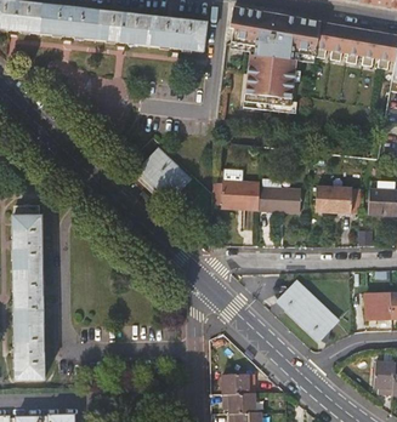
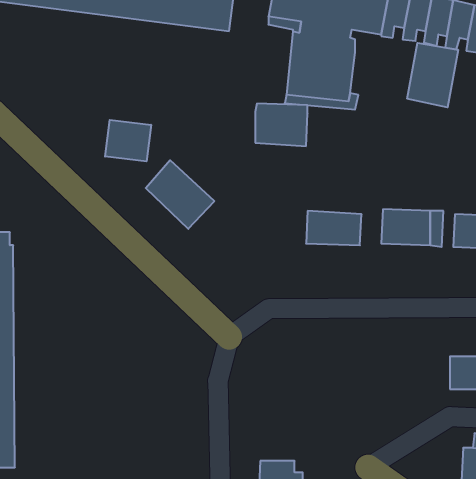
building: none -> [407,43,458,107]
building: none -> [105,120,151,161]
building: [221,179,260,211] -> [255,104,308,146]
building: [279,279,339,338] -> none

